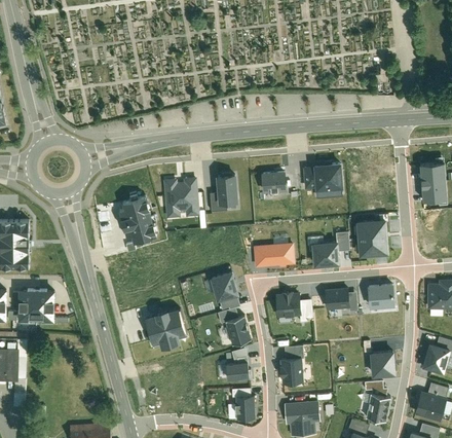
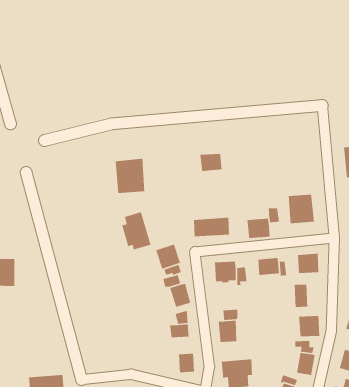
building: [304,168,341,193] -> none
building: [217,177,235,206] -> none
building: [121,193,155,238] -> [121,211,152,251]
building: [143,312,184,352] -> none
building: none -> [294,284,308,308]

